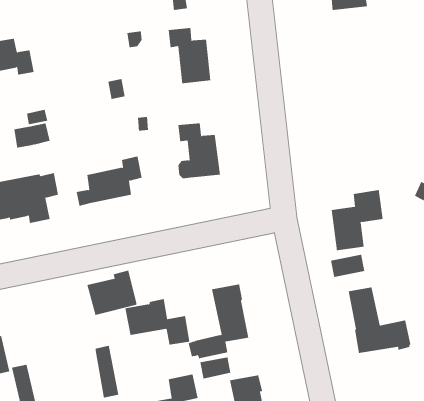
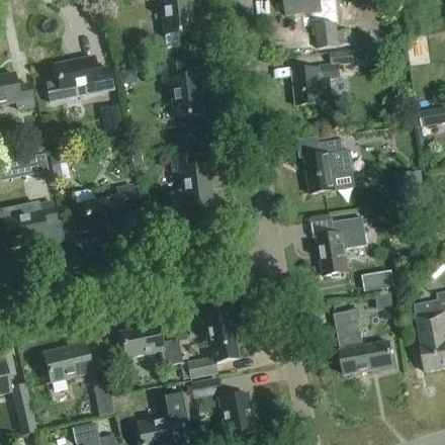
building: none -> [292,49,355,105]
building: none -> [47,56,113,101]
building: none -> [304,139,354,194]
building: [330,254,365,277] -> [363,266,396,288]
building: [86,270,137,316] -> [42,337,91,380]

